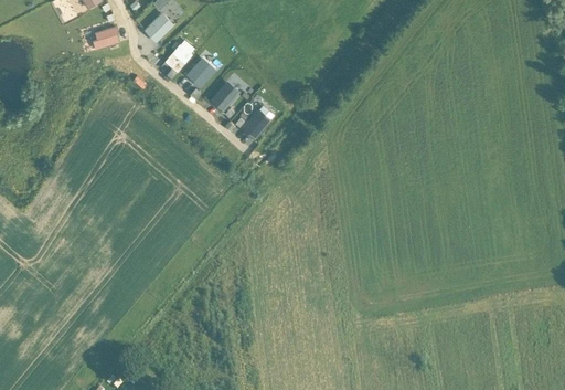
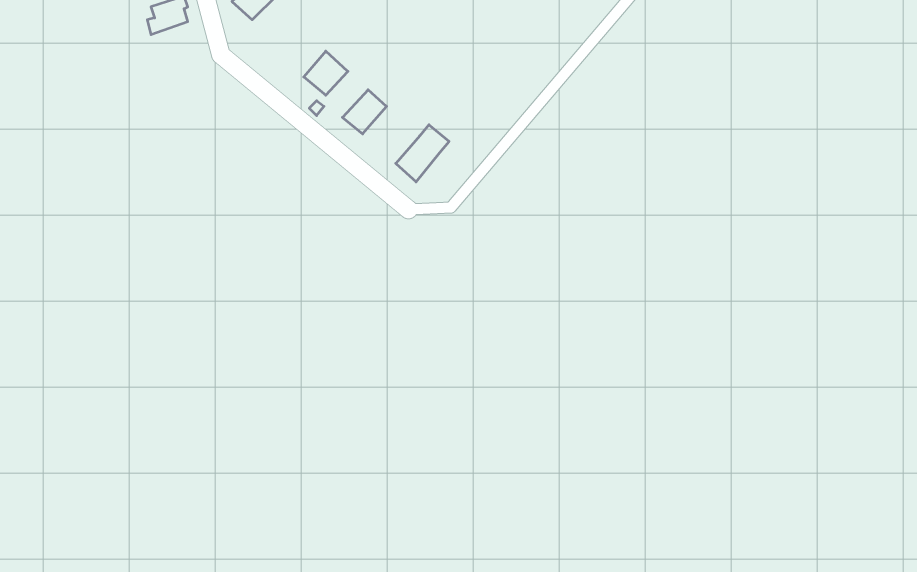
building: [164,40,194,71] -> none

